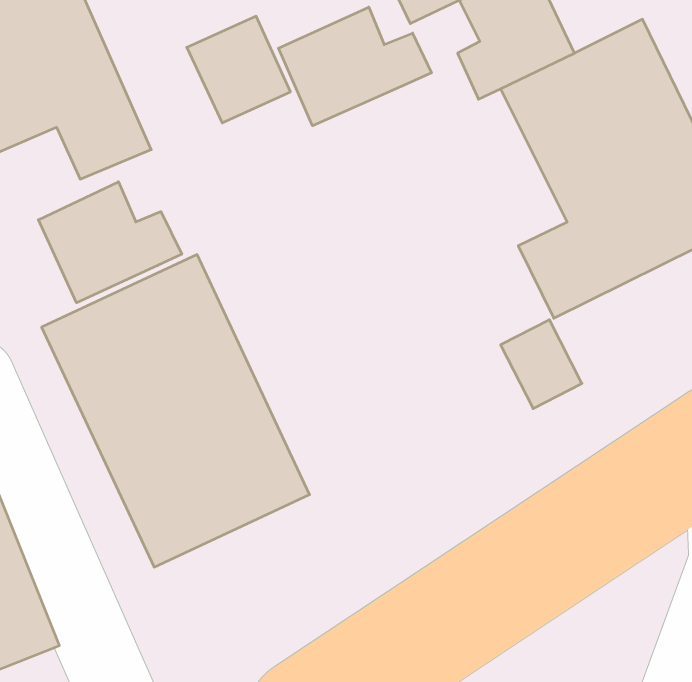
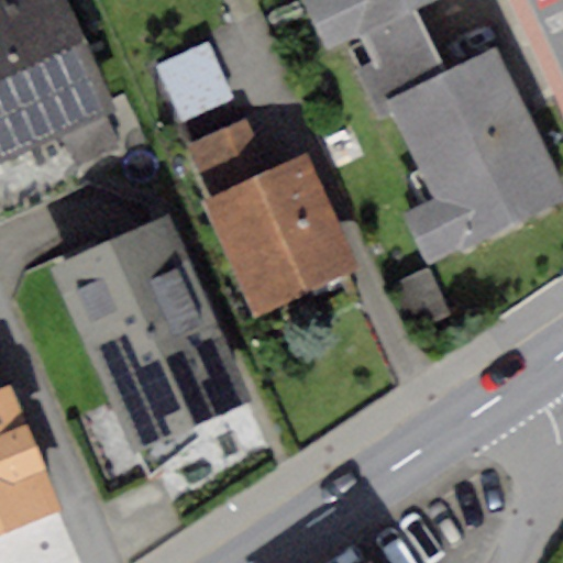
building: [278,7,431,126] -> none
building: none -> [190,122,356,318]
building: [38,182,182,303] -> none

